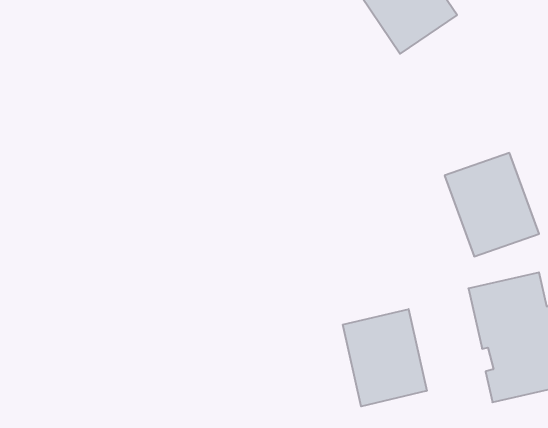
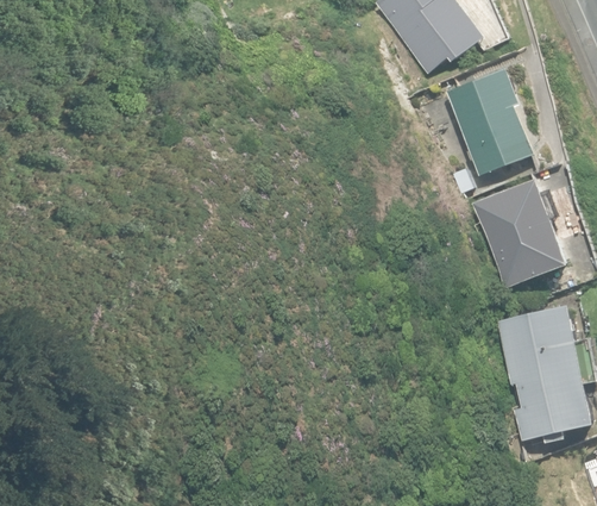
building: none -> [444,67,533,176]
building: [343,309,427,406] -> none

